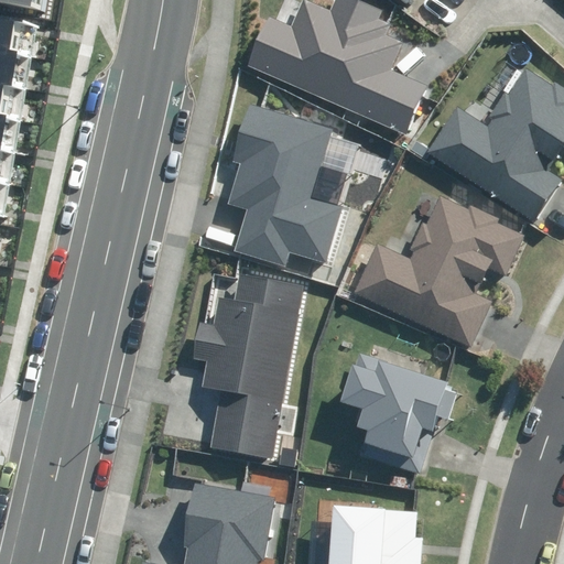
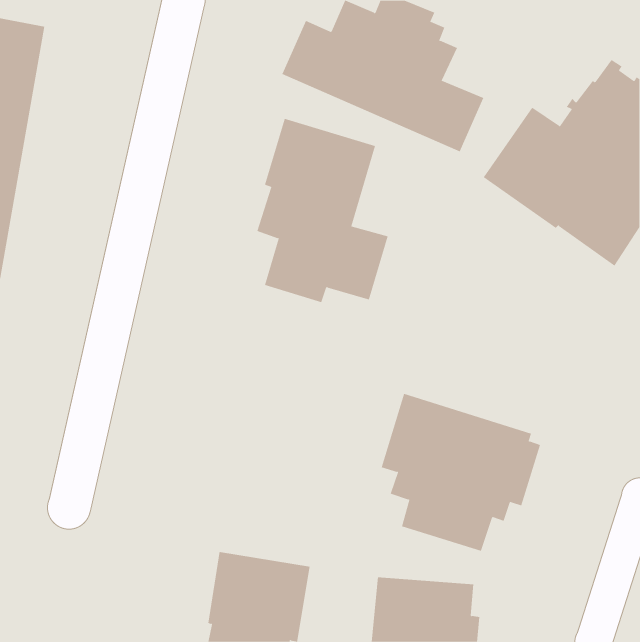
building: [352,189,531,350] -> none
building: [181,265,317,470] -> none

